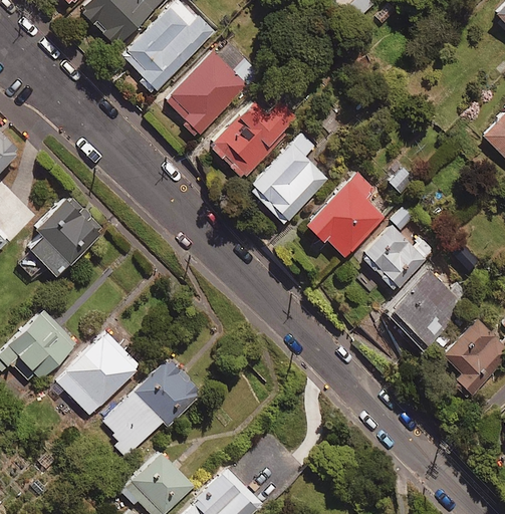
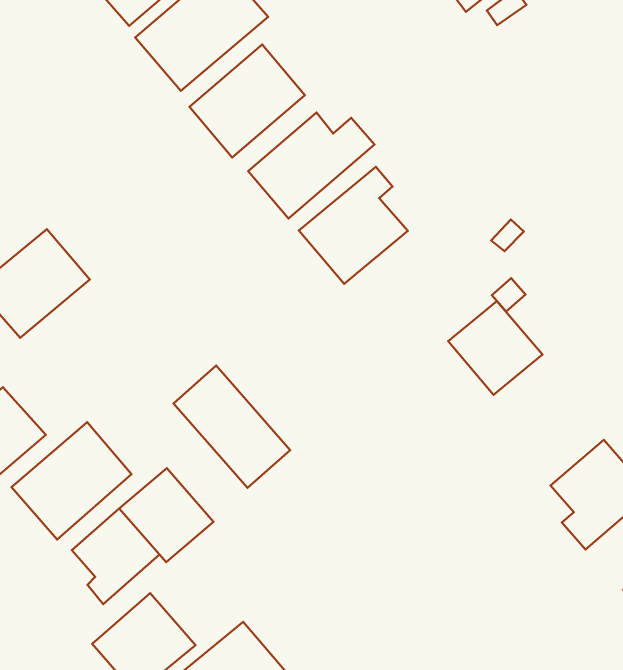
building: [305,172,386,256] -> none
building: [395,272,466,342] -> none
building: none -> [174,366,290,488]

